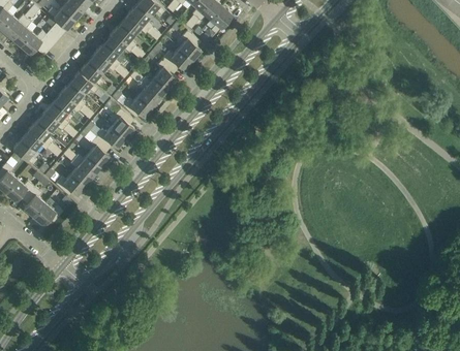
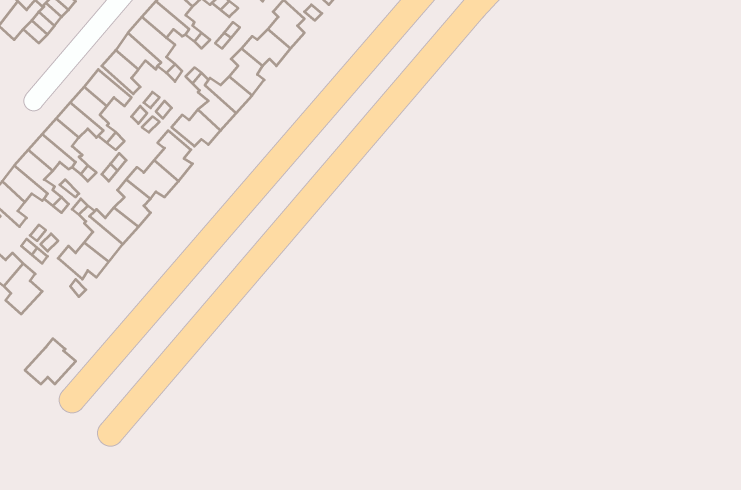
building: [32,198,62,225] -> [25,339,76,384]

